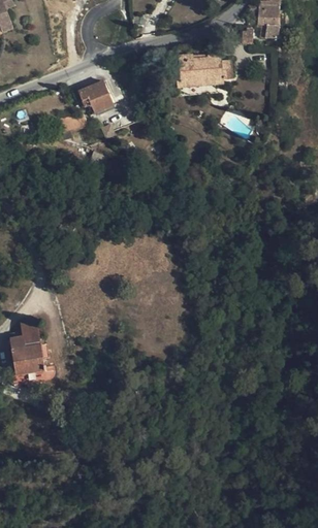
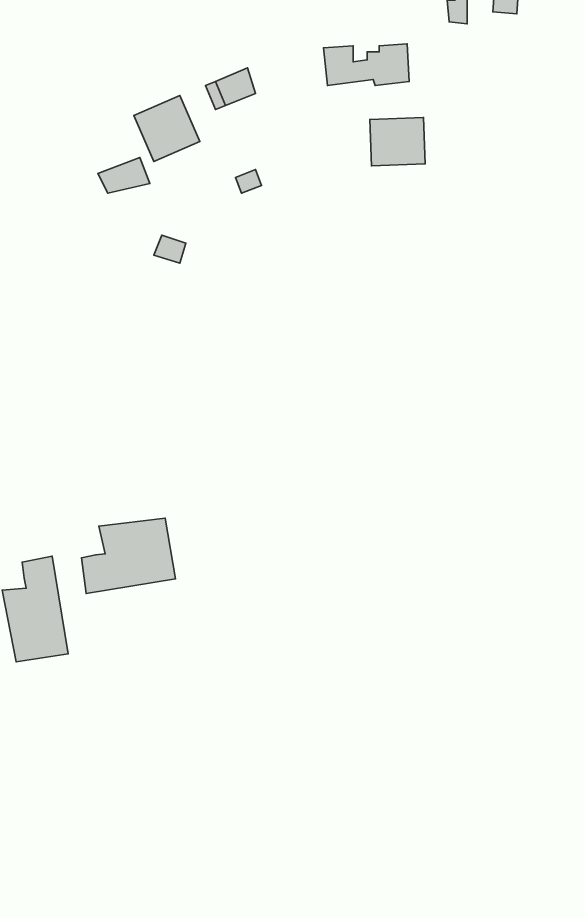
building: none -> [370,118,425,166]
building: none -> [81,518,175,594]

